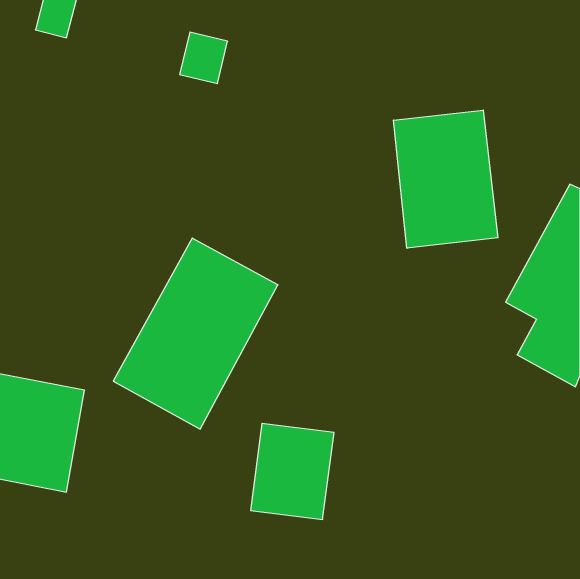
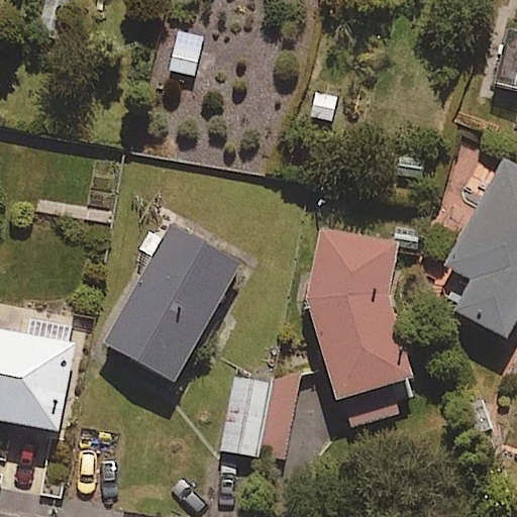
building: [394,110,498,248] -> none
building: none -> [310,229,414,426]

